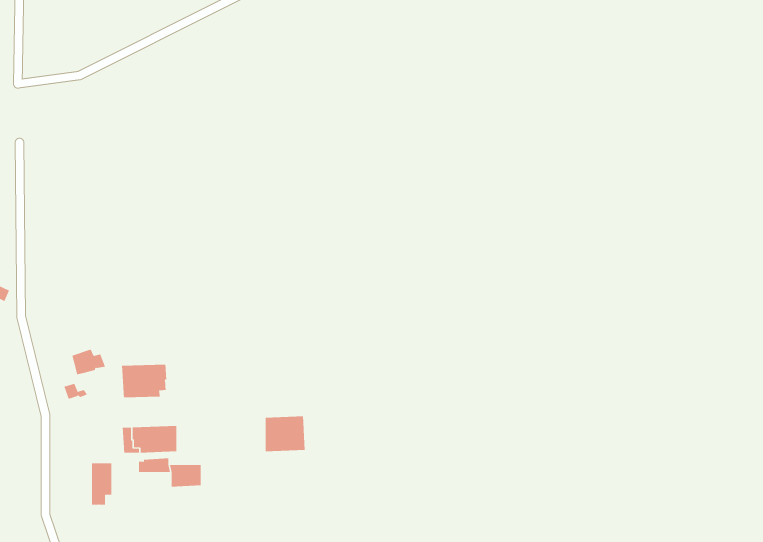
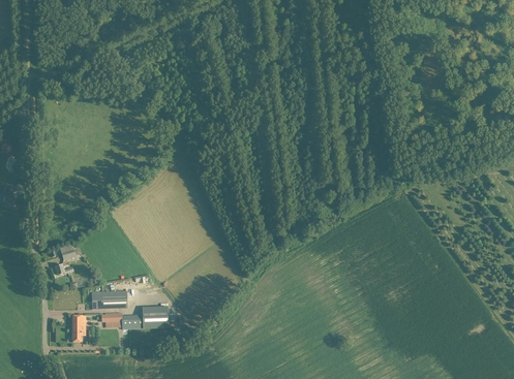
building: [122,364,167,398] -> none
building: [265,416,306,452] -> [143,306,169,328]

